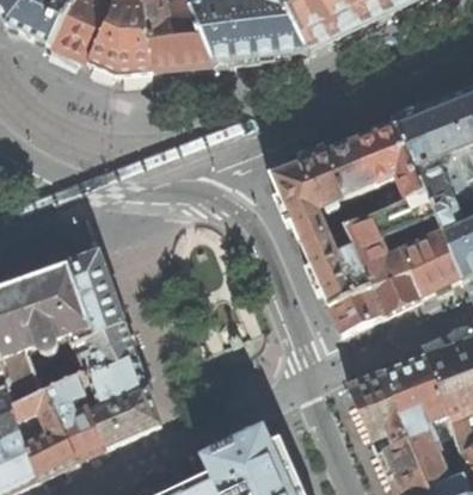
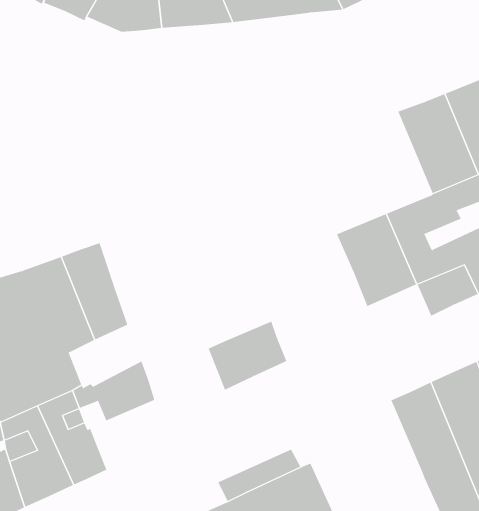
building: [271,138,385,243] -> none
building: [328,286,383,332] -> none
building: [74,321,135,375] -> none
building: [92,385,160,445] -> [208,321,287,390]

